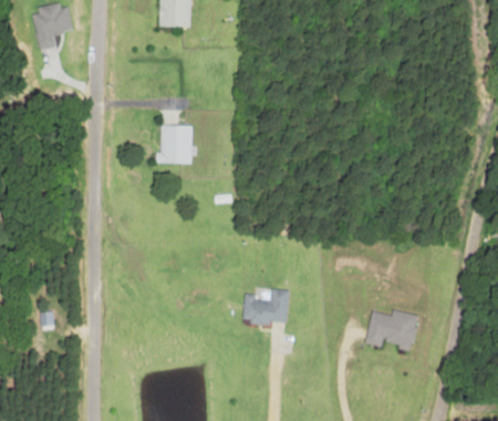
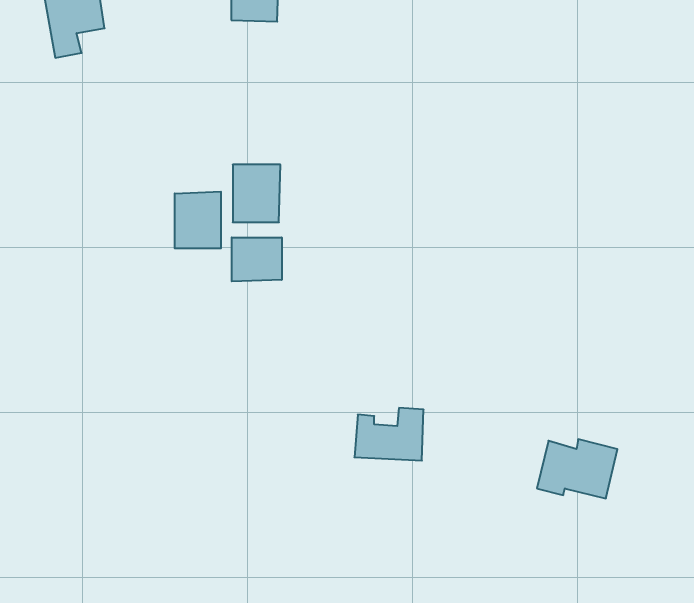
building: none -> [175,192,221,248]
building: none -> [232,237,282,281]

